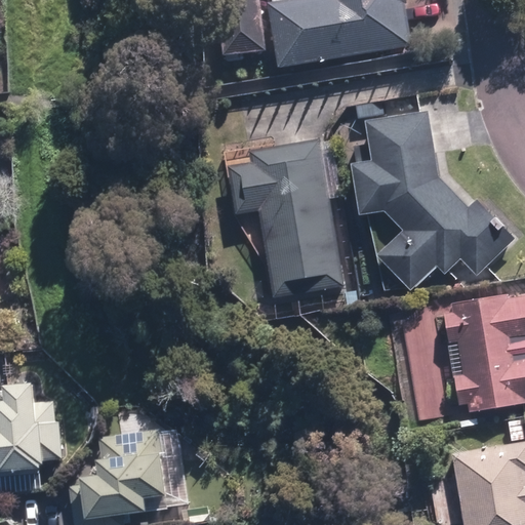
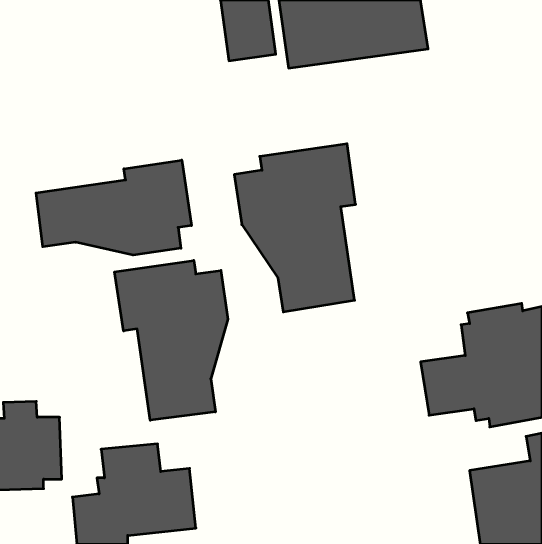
building: [352,112,515,291] -> none
building: none -> [36,160,191,255]
building: none -> [115,260,228,420]

